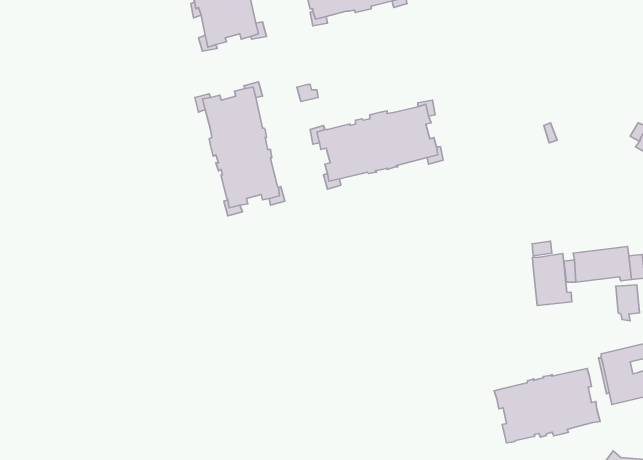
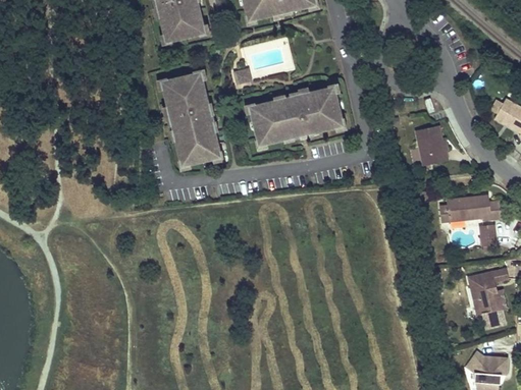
building: none -> [415,125,449,166]
building: [532,253,572,305] -> none
building: [494,368,600,443] -> none

